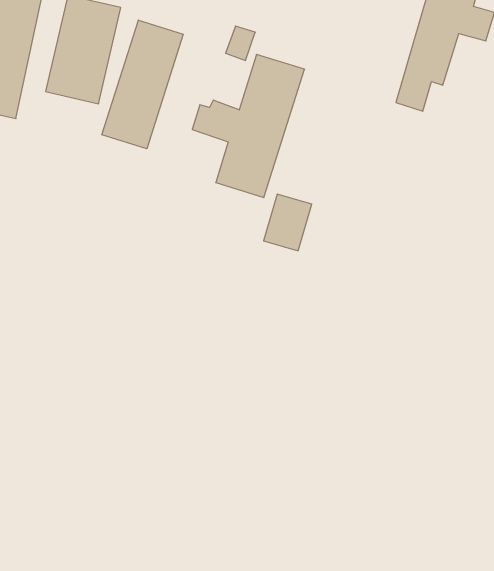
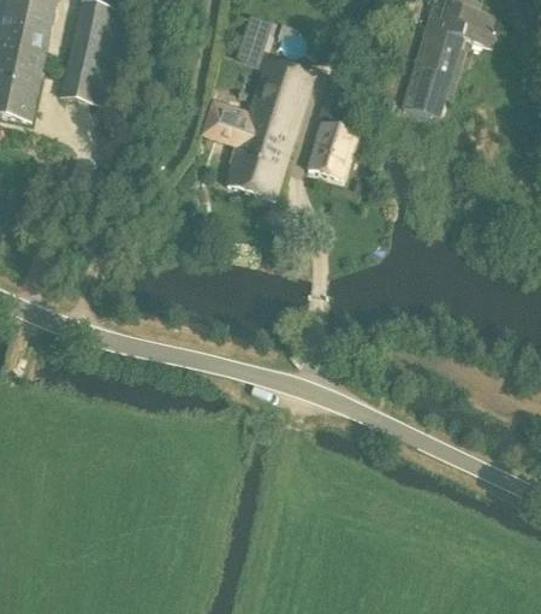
building: [102,20,183,149] -> none
building: [264,194,312,251] -> [308,122,355,177]

